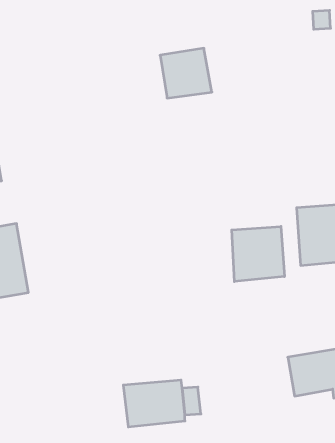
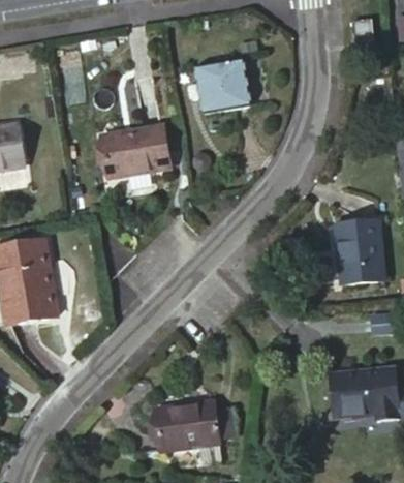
building: none -> [103,124,170,174]
building: [232,226,284,282] -> none

